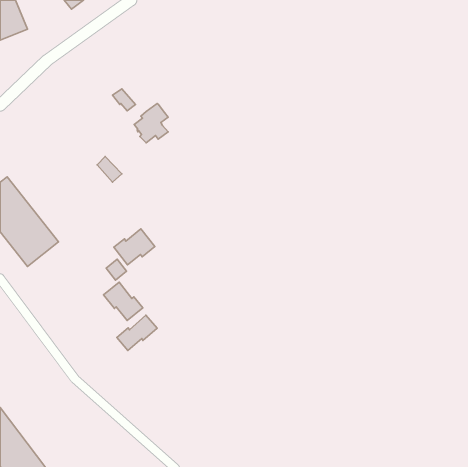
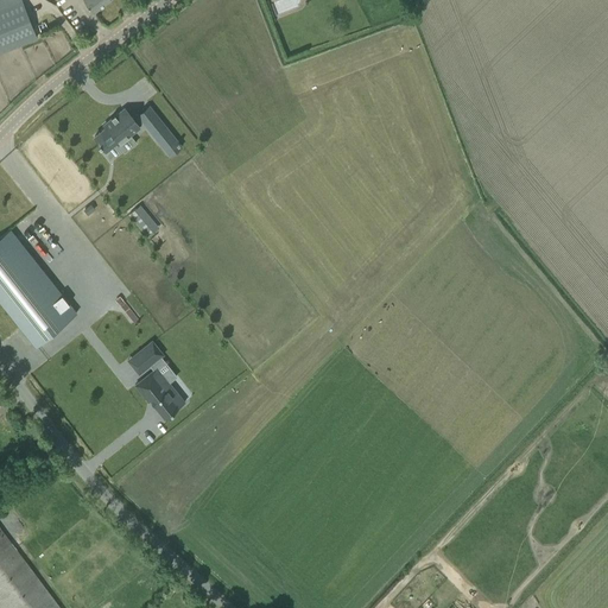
building: [134,103,168,143] -> [94,107,138,158]
building: [114,229,155,265] -> none
building: [117,315,157,351] -> none

